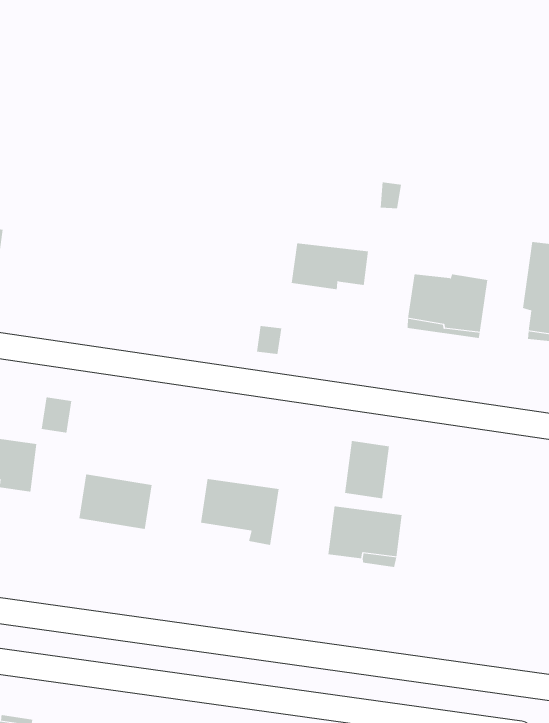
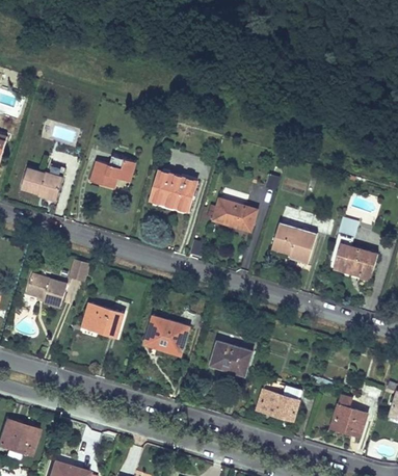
building: none -> [90,156,135,188]
building: none -> [151,170,197,212]
building: [345,440,390,499] -> none
building: none -> [257,380,302,421]

